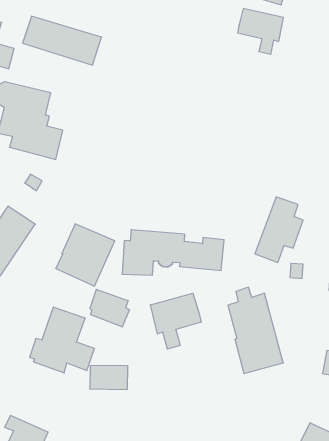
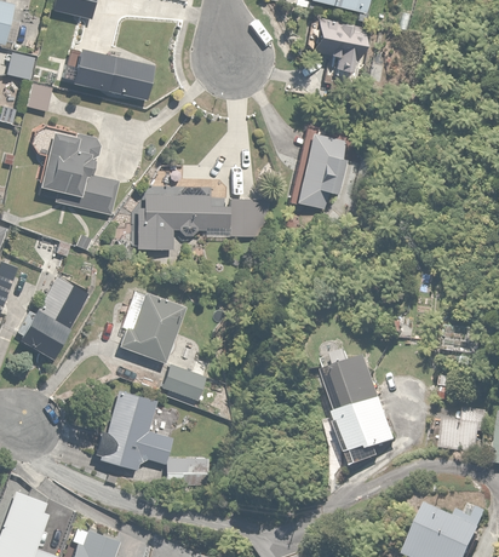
building: [255,197,303,262] -> [293,132,348,209]
building: [122,230,224,275] -> [137,194,256,247]
building: [150,293,201,349] -> none

